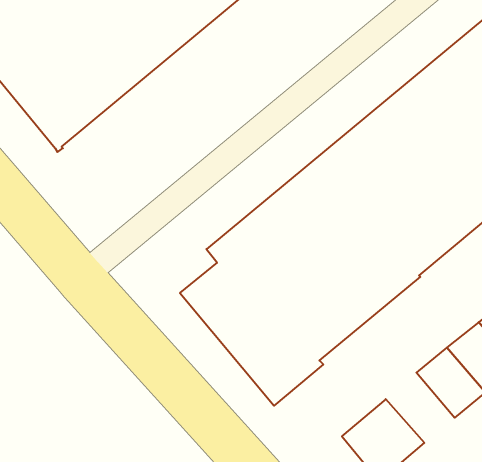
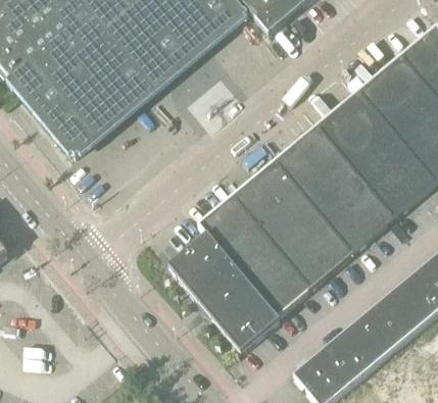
building: none -> [327,325,380,380]

